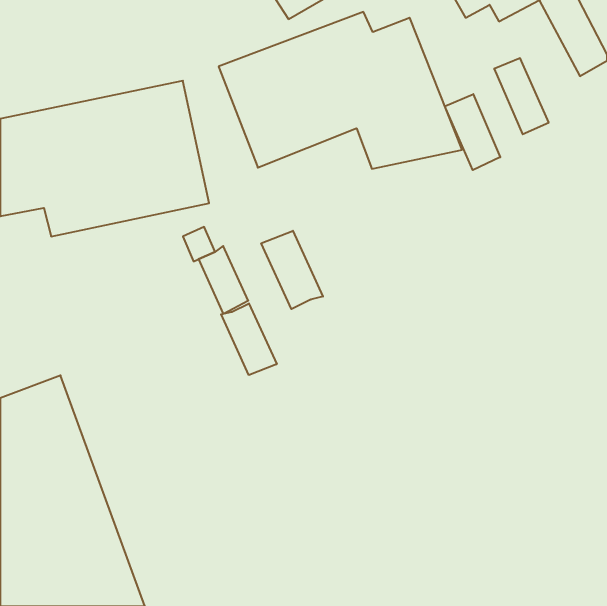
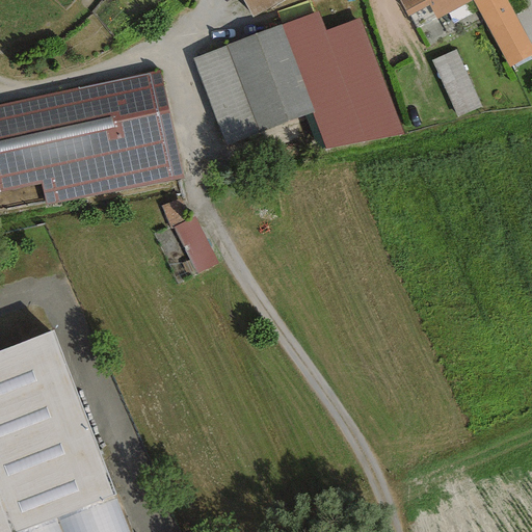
building: [445,94,500,170] -> none
building: [261,231,323,309] -> none
building: [221,303,277,375] -> none

